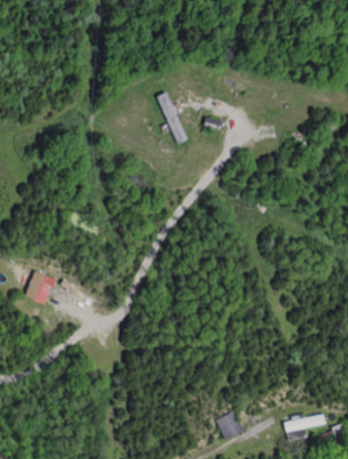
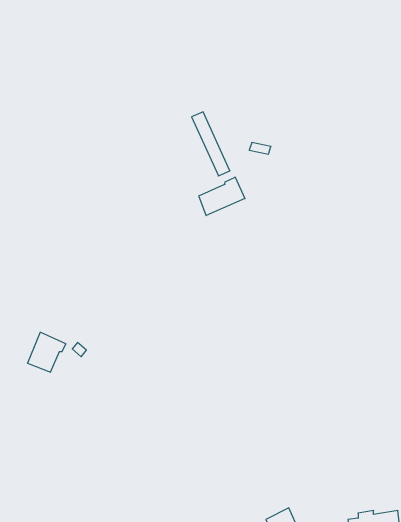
building: none -> [199,177,245,216]

